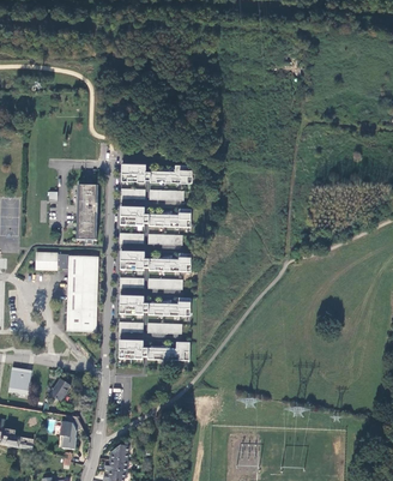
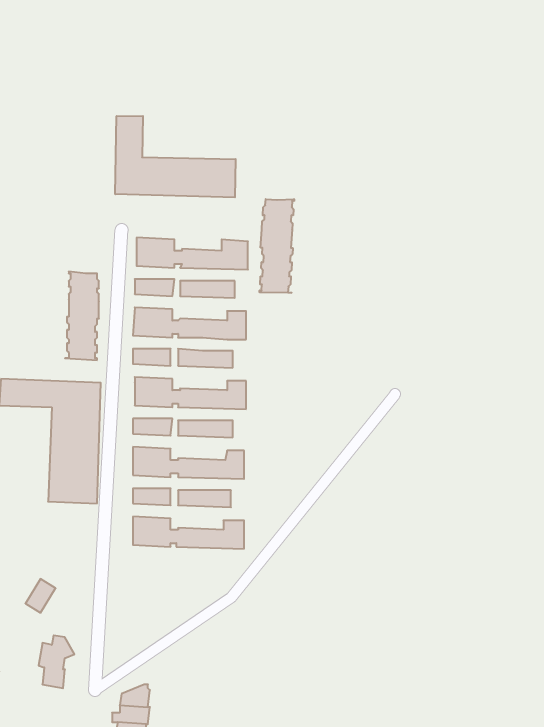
building: none -> [115,116,236,197]
building: none -> [260,199,294,293]

